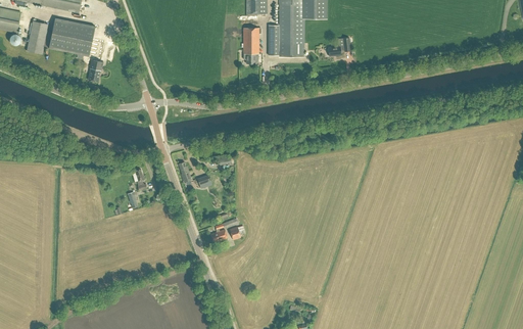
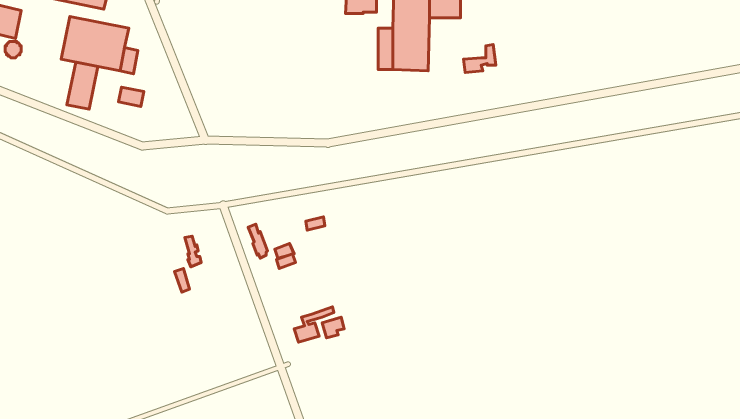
building: [27,21,48,54] -> [67,62,98,109]
building: [243,29,258,63] -> none

